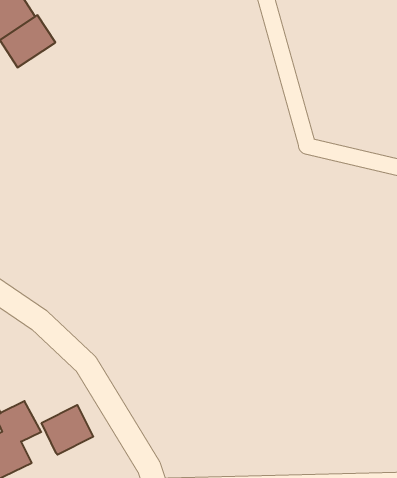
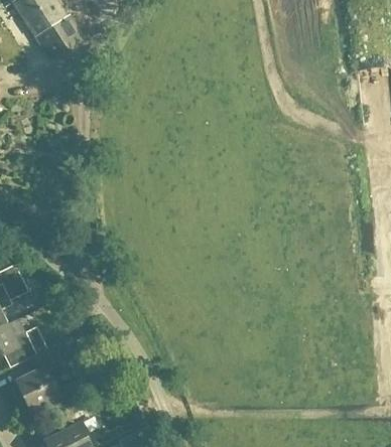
building: [42,405,93,455] -> none

